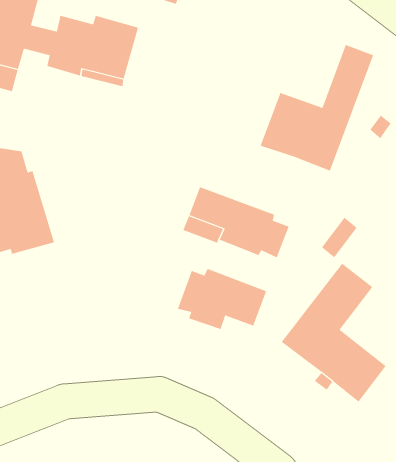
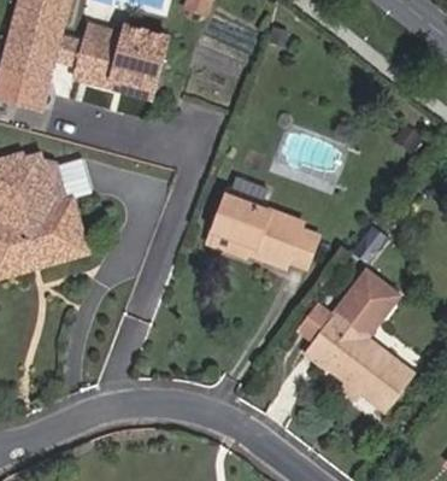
building: [260,44,374,171] -> none
building: [177,268,267,330] -> none

